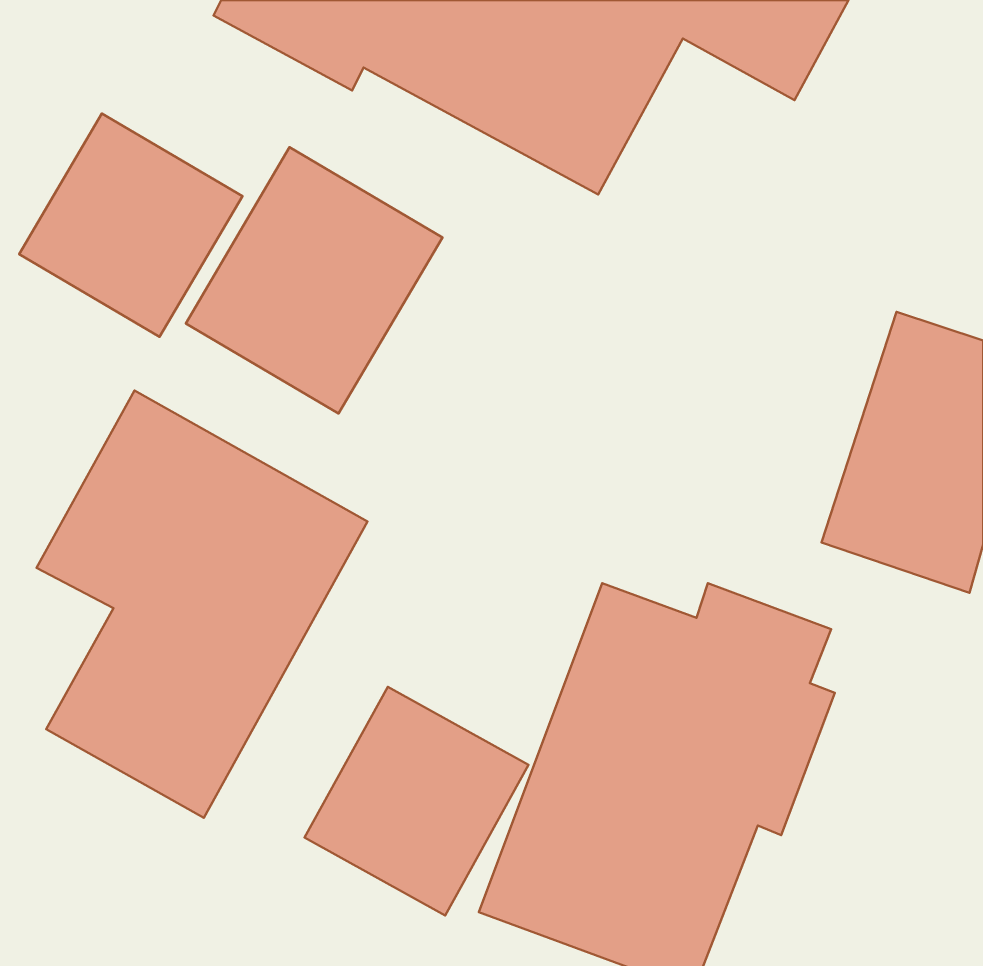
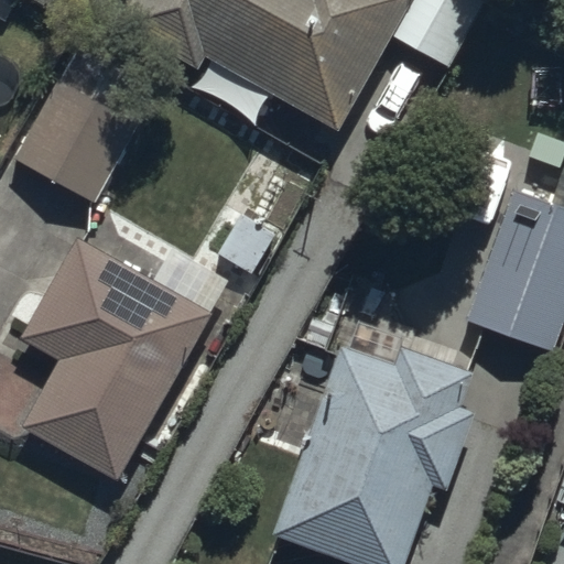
building: [186,147,442,414] -> none
building: [304,687,528,916] -> none

